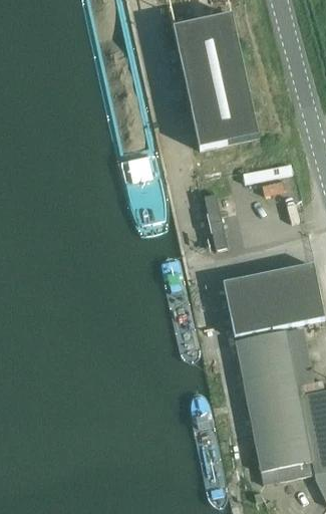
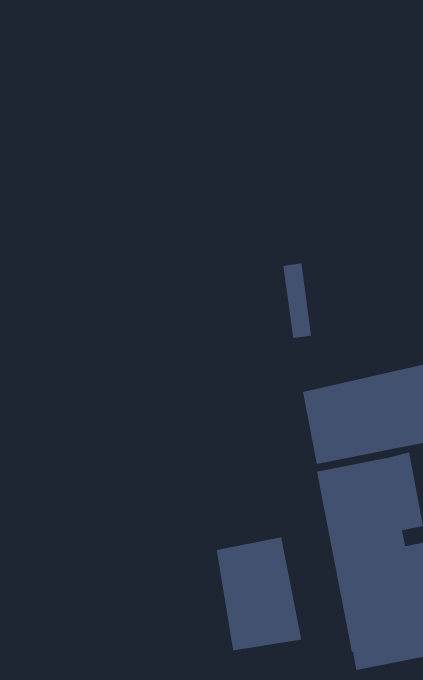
building: [173,12,259,147] -> none
building: none -> [216,536,302,651]

